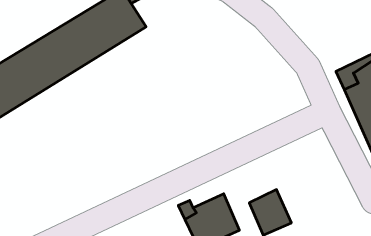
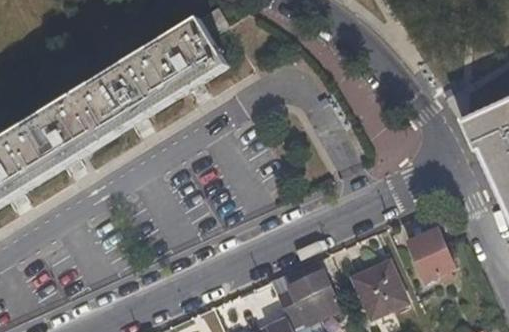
building: none -> [408,227,456,280]

